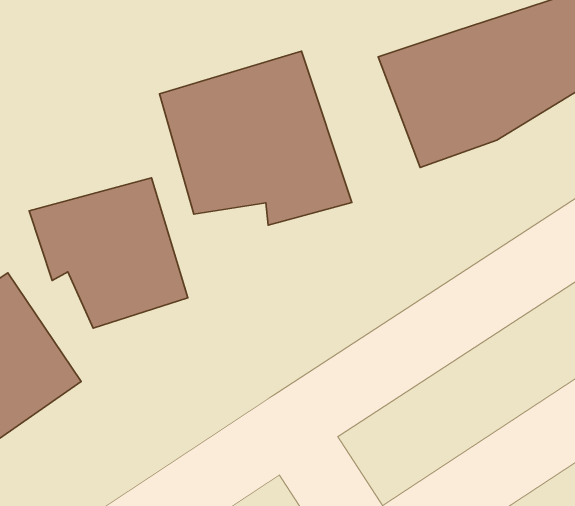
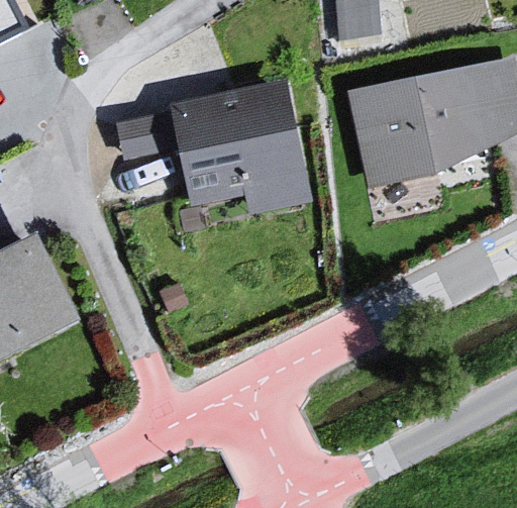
building: [29,178,188,328] -> none

